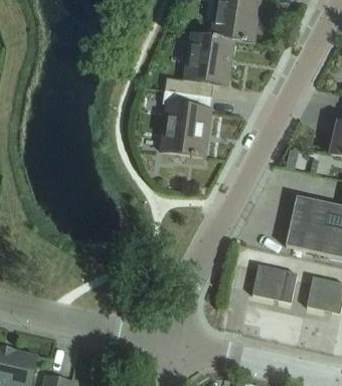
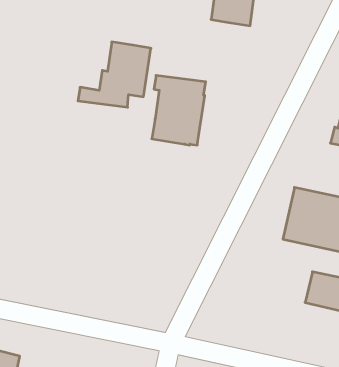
building: [164,33,233,95] -> [78,42,151,107]
building: [251,264,297,303] -> none

